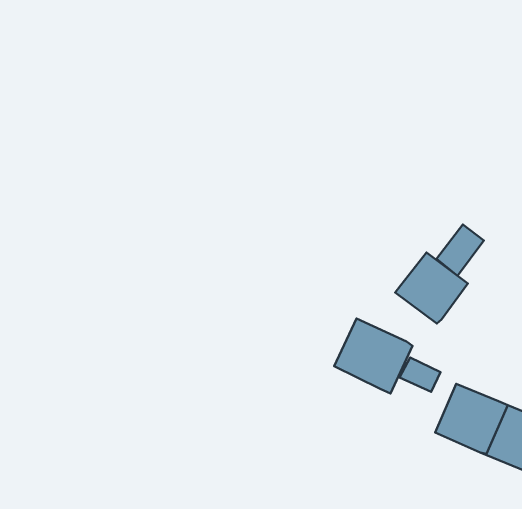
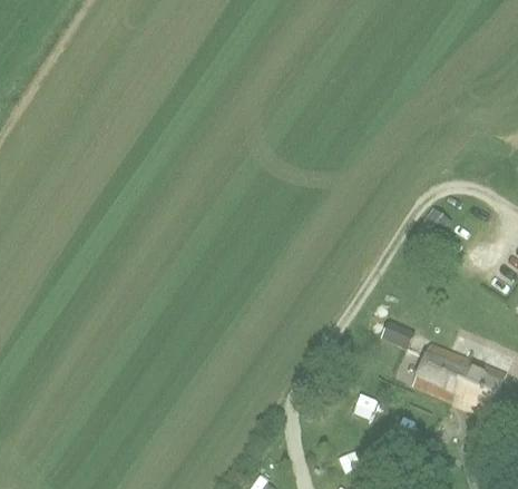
building: [395,253,468,323] -> none
building: [334,319,413,394] -> none

